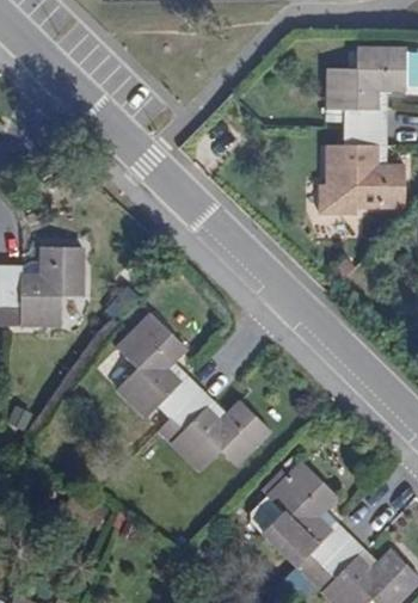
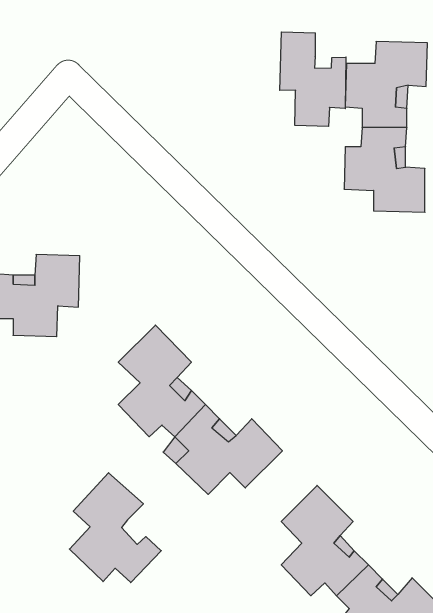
building: none -> [280,32,346,126]
building: none -> [69,473,161,583]

